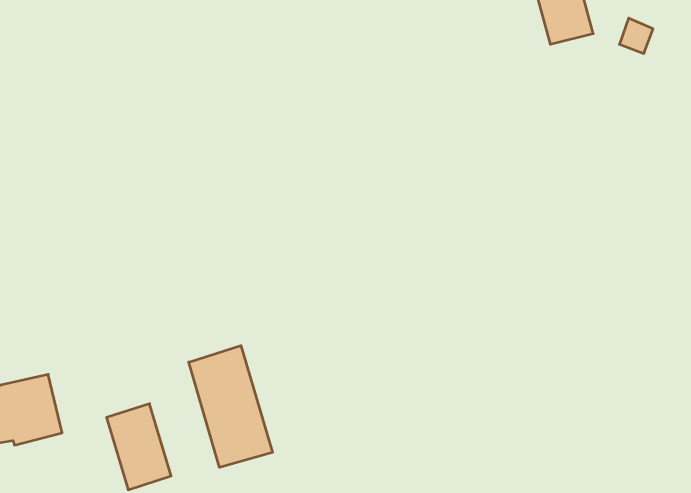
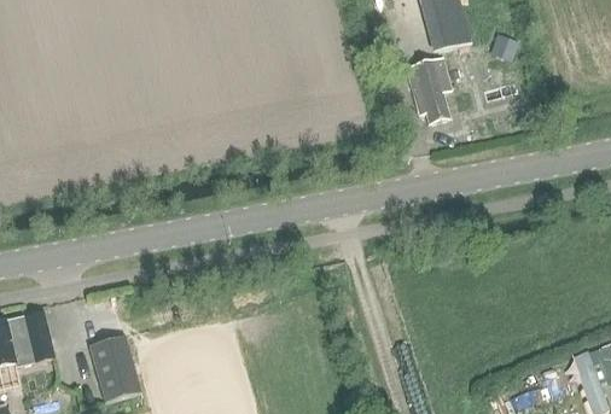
building: none -> [406,57,449,123]
building: [189,346,273,467] -> none

